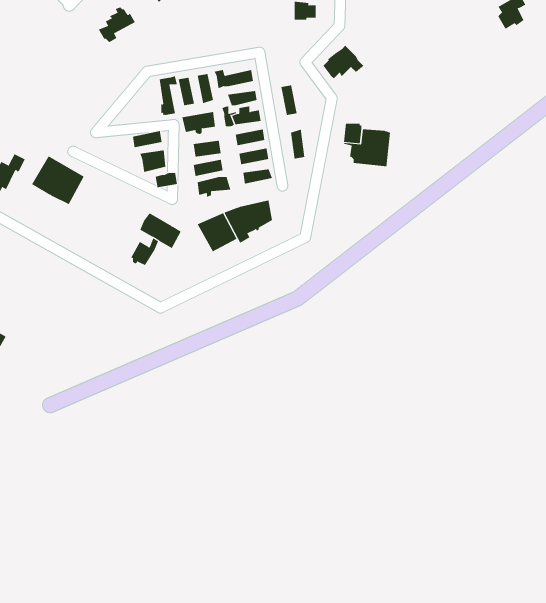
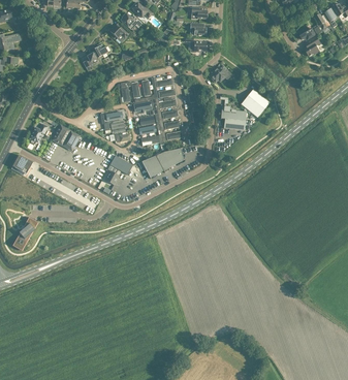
building: none -> [240,89,268,118]

